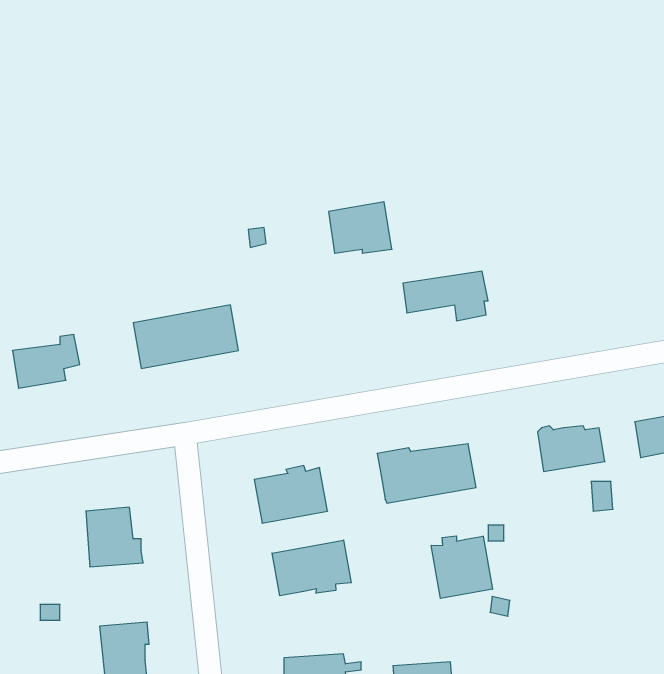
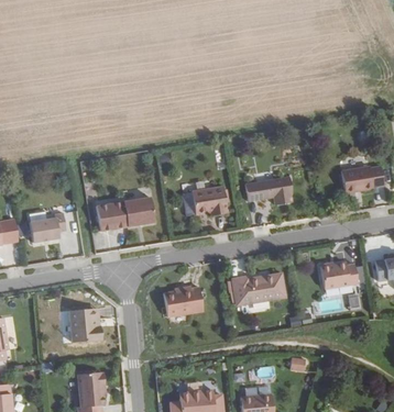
building: [329,202,392,253] -> [191,186,227,214]
building: none -> [341,166,383,192]
building: [431,536,493,598] -> none
building: [272,540,351,596] -> none

